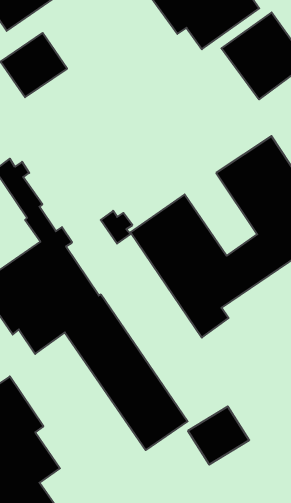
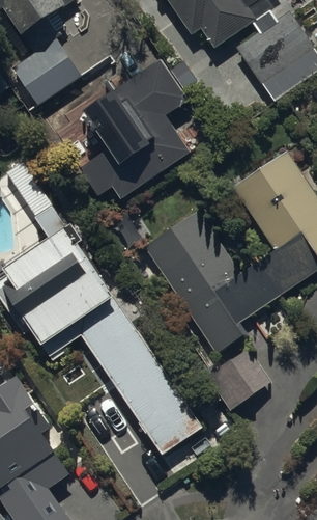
building: none -> [80,57,189,197]
building: [188,406,249,465] -> [205,345,267,404]

